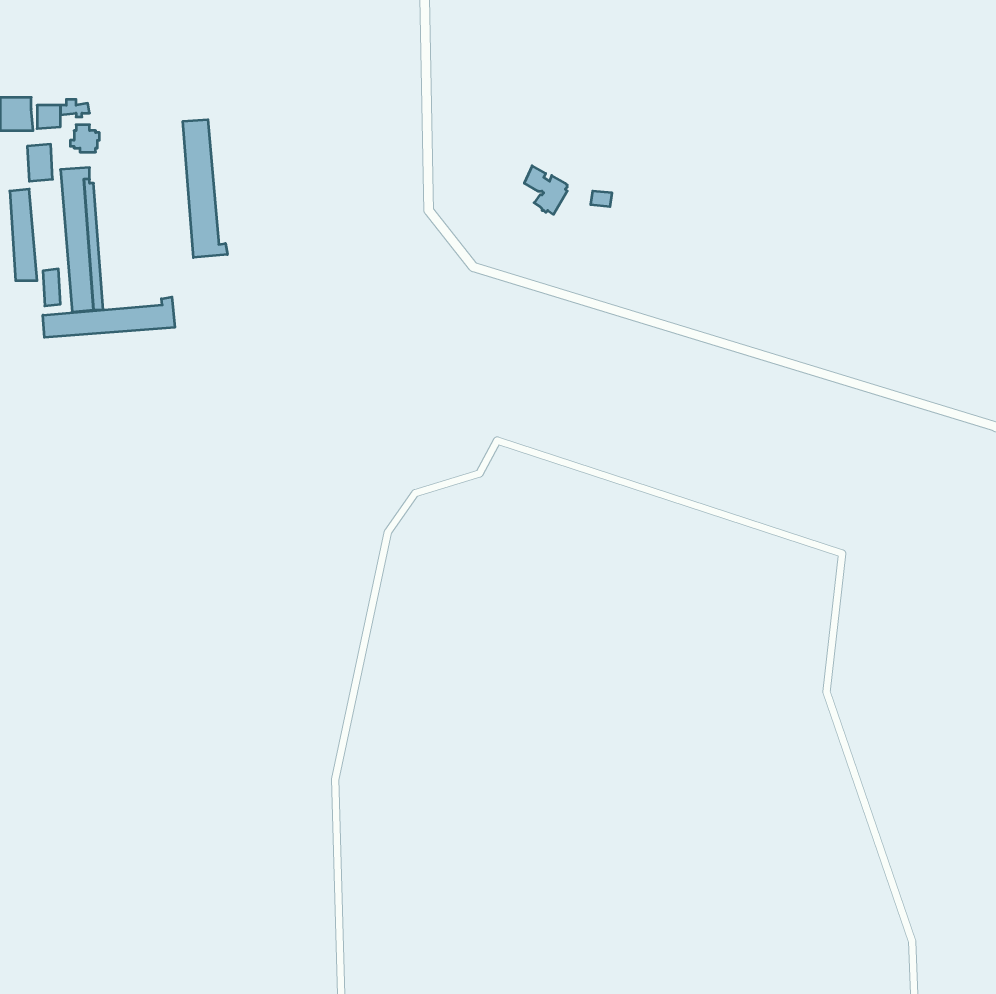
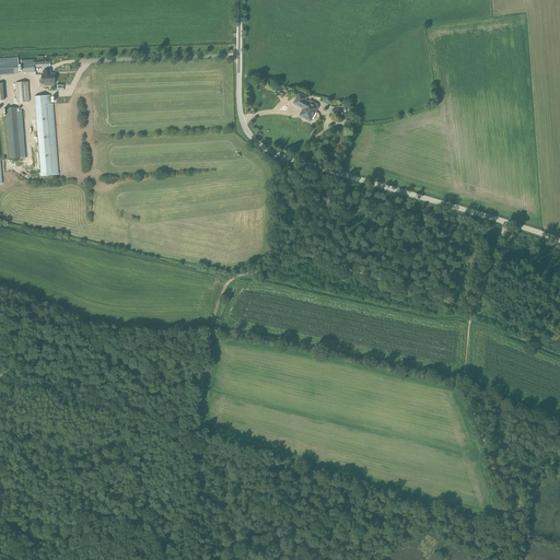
building: [183,120,227,258] -> none
building: [43,297,175,337] -> none

